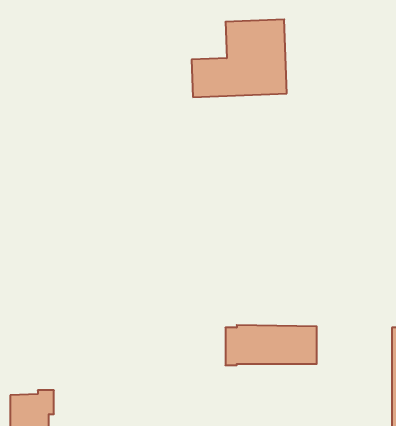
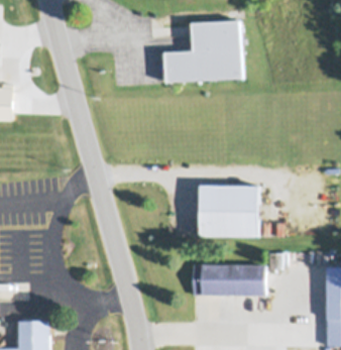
building: none -> [200,184,257,235]

